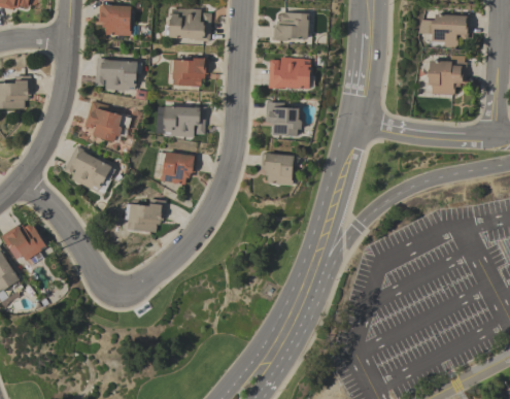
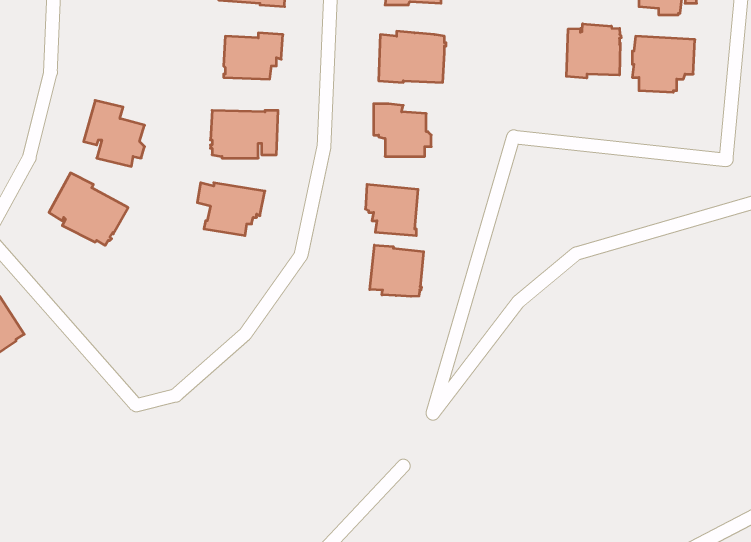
building: none -> [566,24,621,78]
building: [95,58,137,91] -> none
building: none -> [370,245,424,296]
building: [124,199,166,232] -> none

